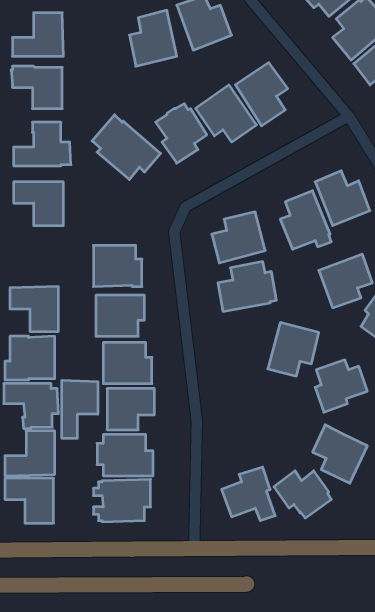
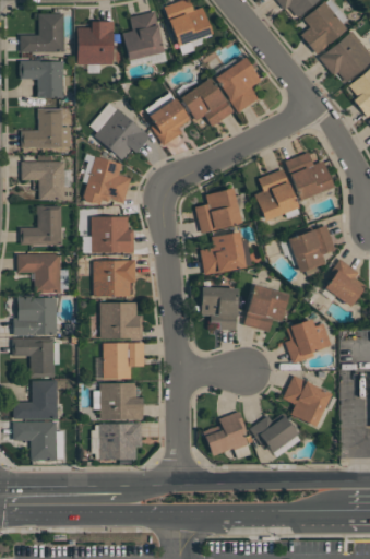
building: none -> [77,21,114,64]
building: none -> [83,156,131,204]
building: none -> [20,205,61,245]
building: none -> [200,287,237,330]
building: [62,380,98,438] -> none

